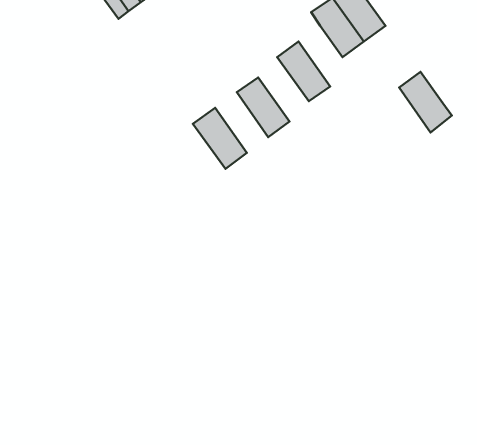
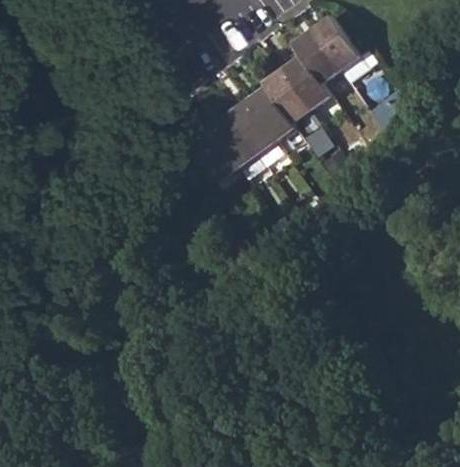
building: none -> [246,86,294,139]
building: [399,72,452,133] -> [282,54,329,108]
building: none -> [208,113,255,167]

